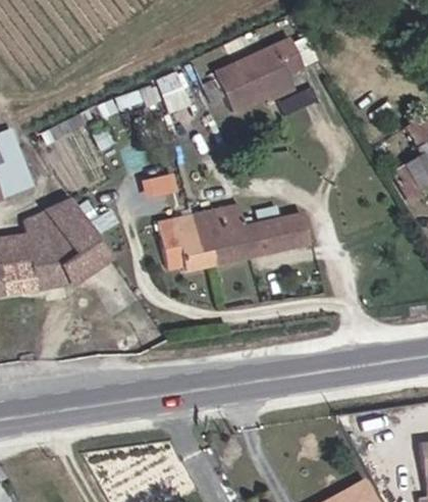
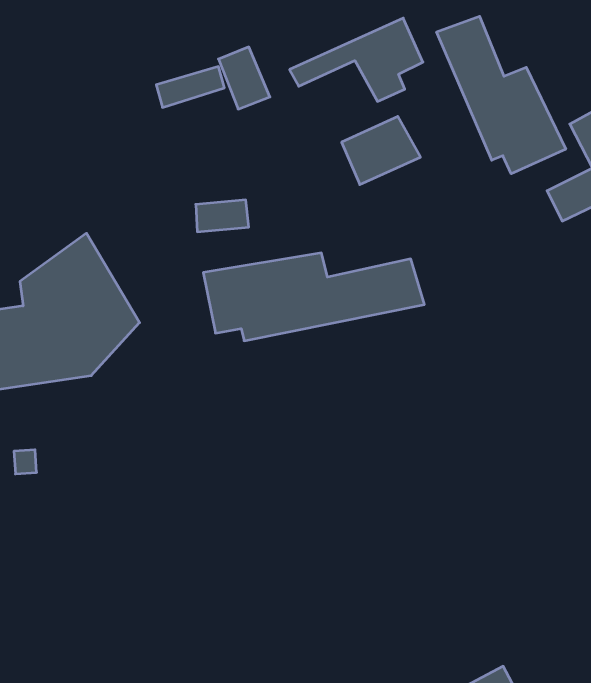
building: none -> [437,16,566,174]
building: [218,76,271,121] -> [342,116,420,185]

